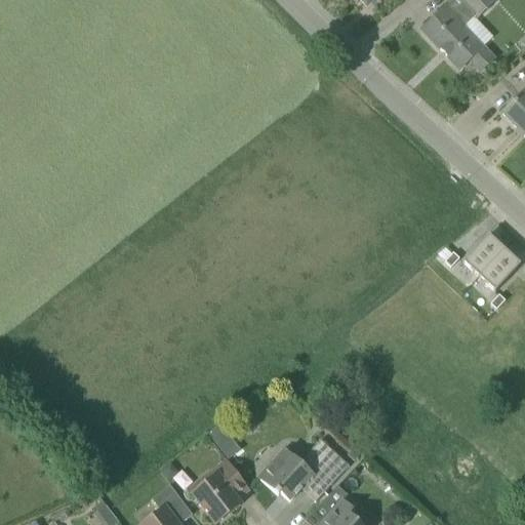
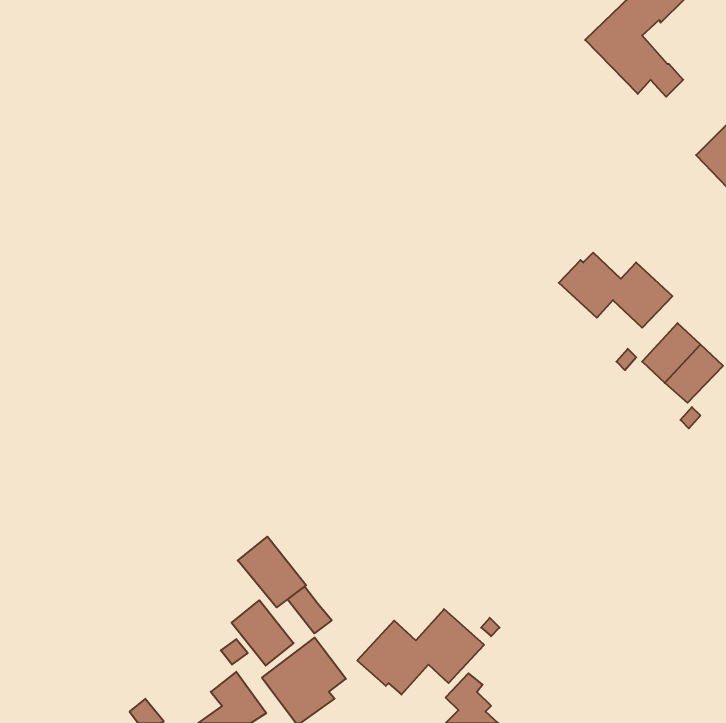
building: none -> [559,253,672,328]
building: none -> [238,537,306,607]
building: none -> [232,600,294,666]

